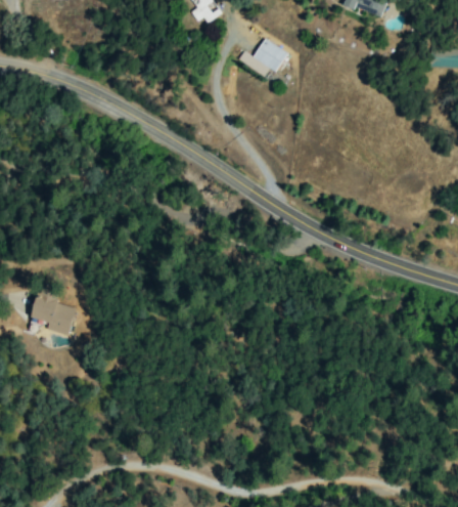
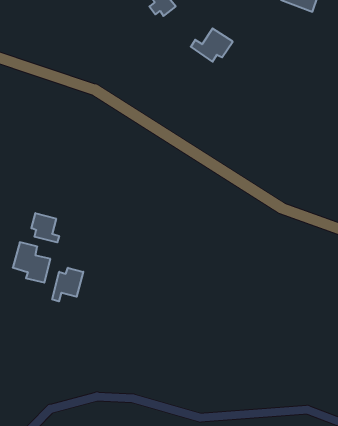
building: none -> [31,213,59,242]
building: none -> [52,268,83,301]

